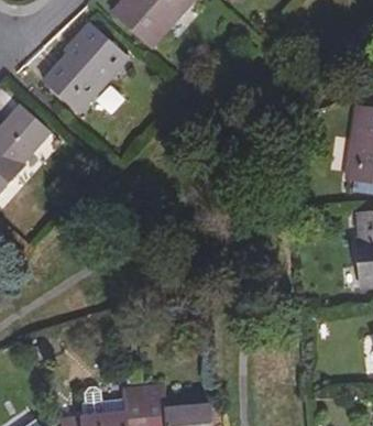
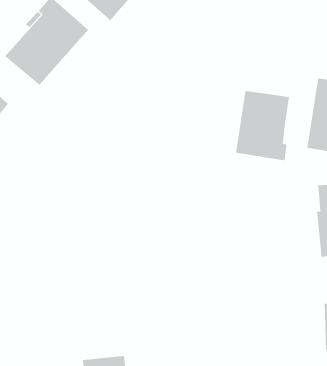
building: none -> [235,90,290,161]

